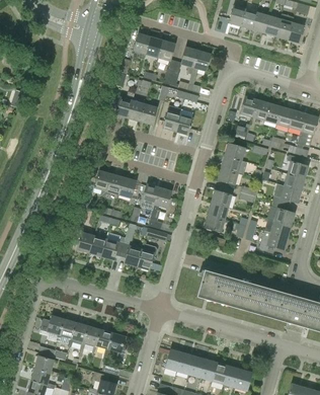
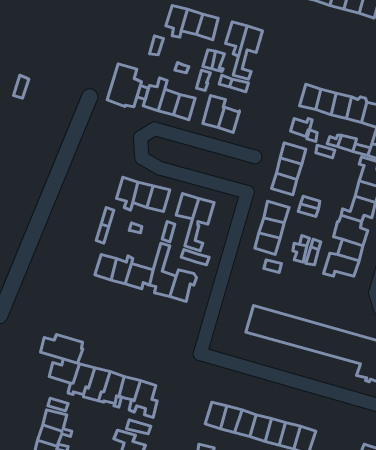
building: none -> [107,64,141,107]
building: none -> [40,335,83,363]

